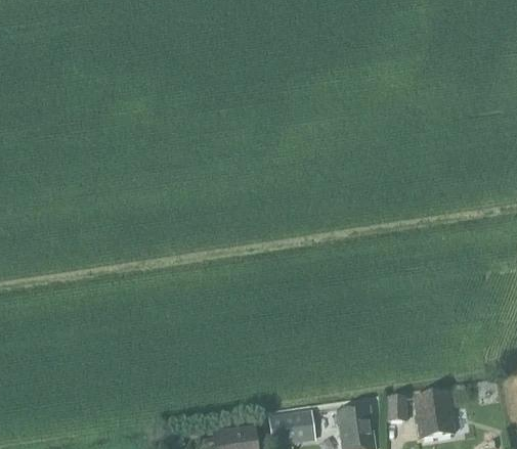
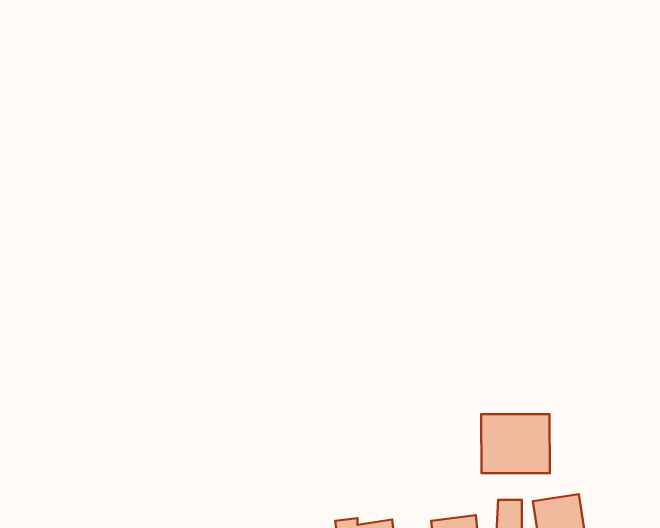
building: none -> [481,414,550,473]

